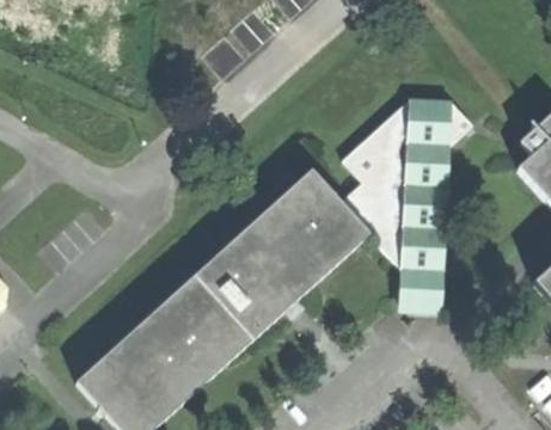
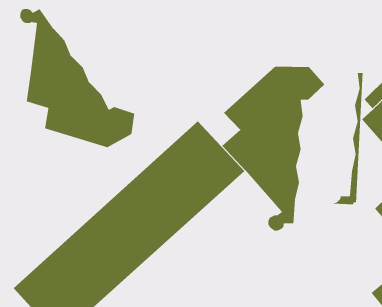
building: none -> [19,8,135,148]
building: [406,145,449,313] -> [329,72,363,205]

